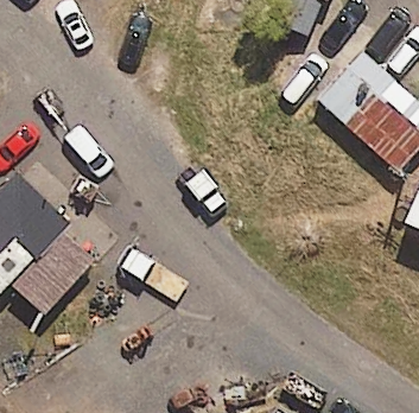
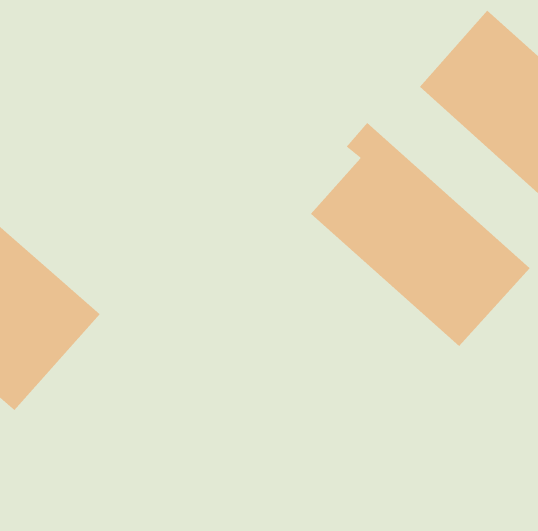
building: none -> [310,122,531,347]

